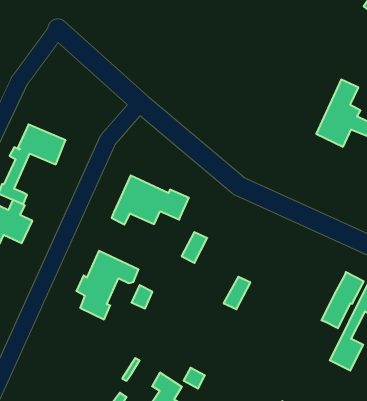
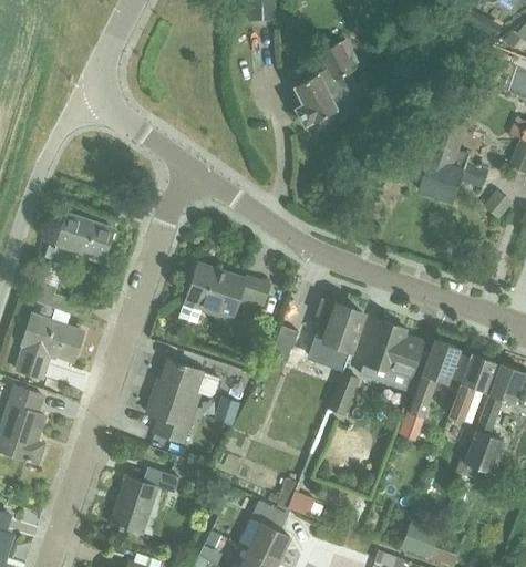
building: none -> [295,39,360,125]
building: none -> [309,298,363,368]
building: none -> [361,320,422,390]
building: none -> [400,340,460,441]
building: none -> [110,466,178,534]

